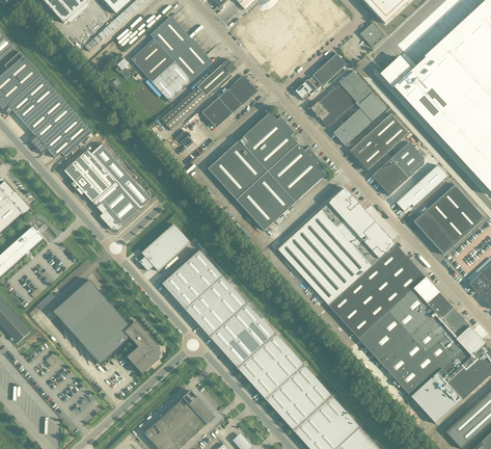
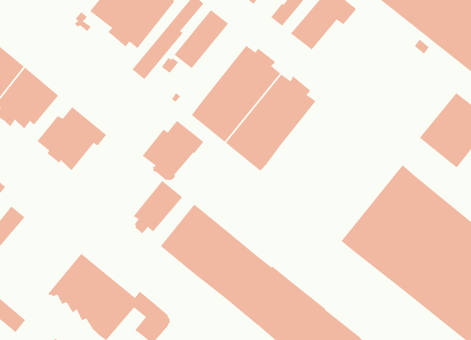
building: [333,96,386,146] -> none
building: [350,113,408,170] -> none
building: [372,141,424,194] -> none
building: [395,164,447,211] -> none
building: [92,175,152,230] -> [142,120,204,181]
building: [276,188,394,305] -> none

